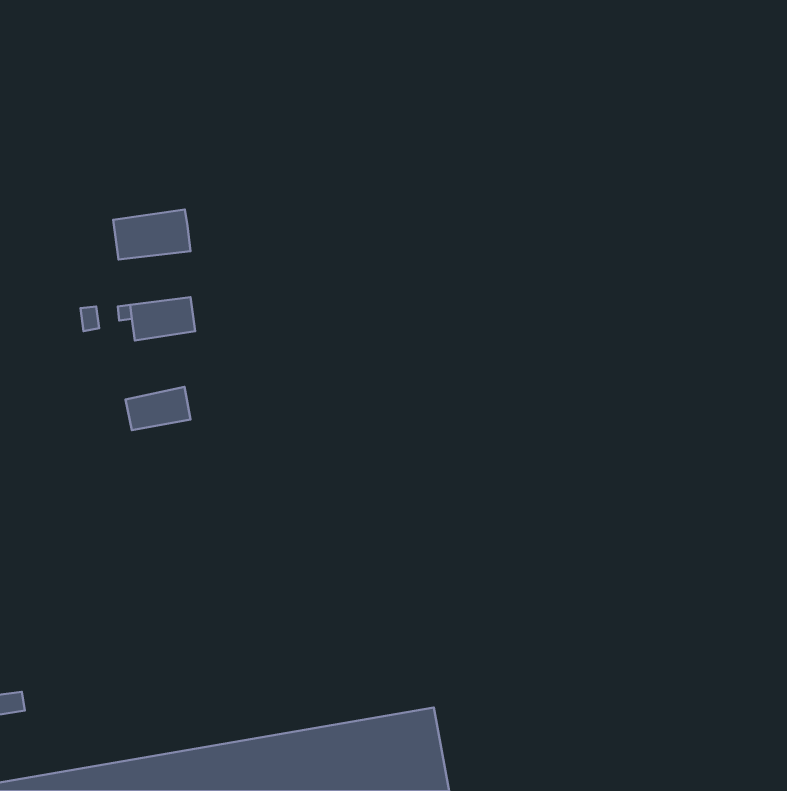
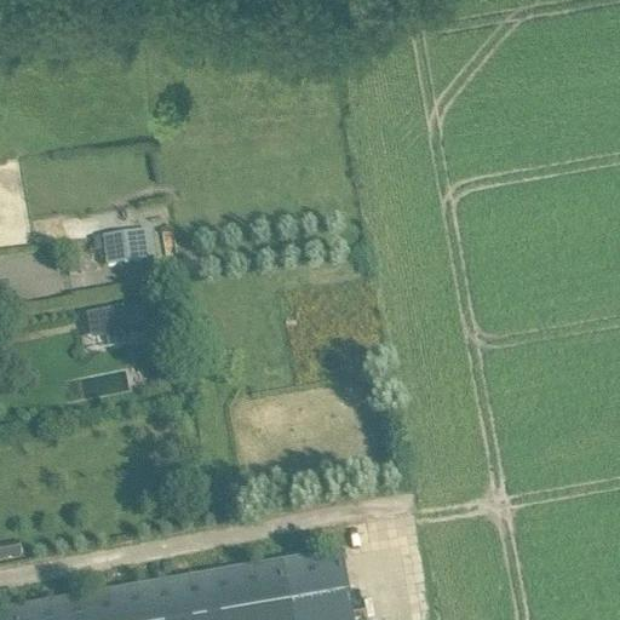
building: [113,210,191,260] -> none

